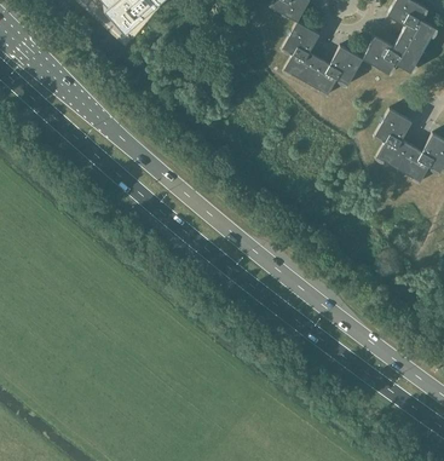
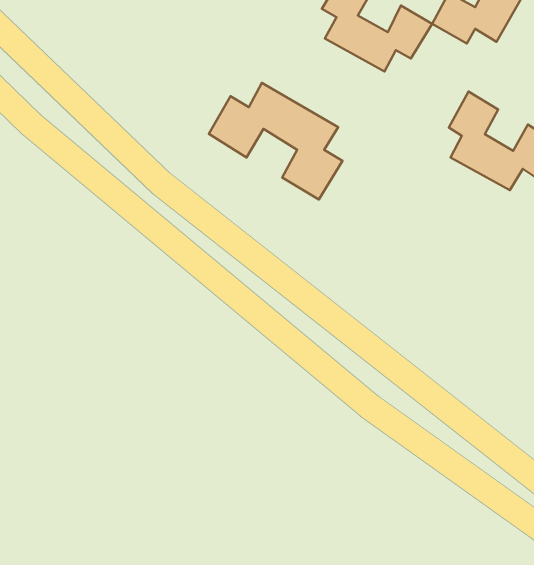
building: none -> [209,83,342,199]

